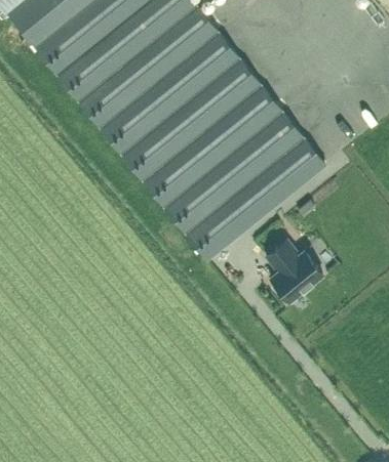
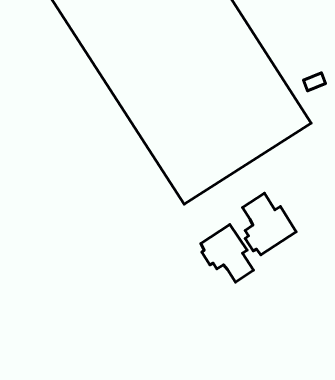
building: none -> [201,225,254,282]

